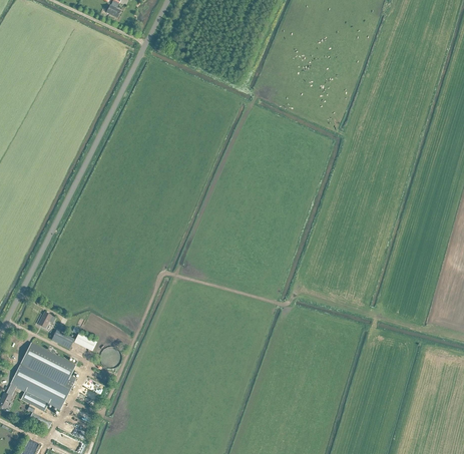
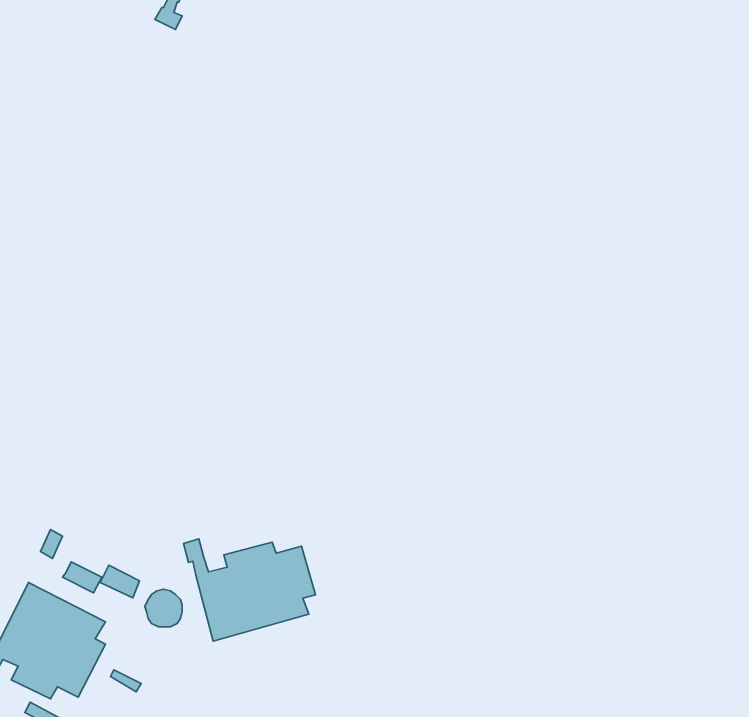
building: none -> [184,539,316,641]

